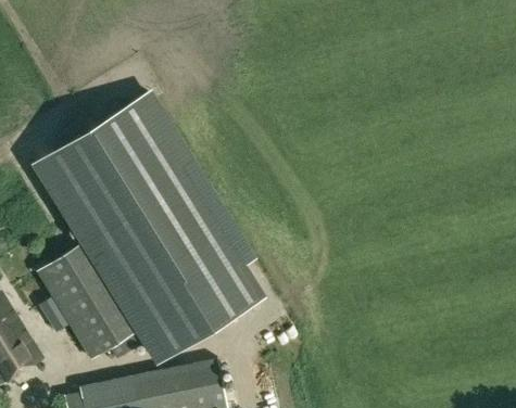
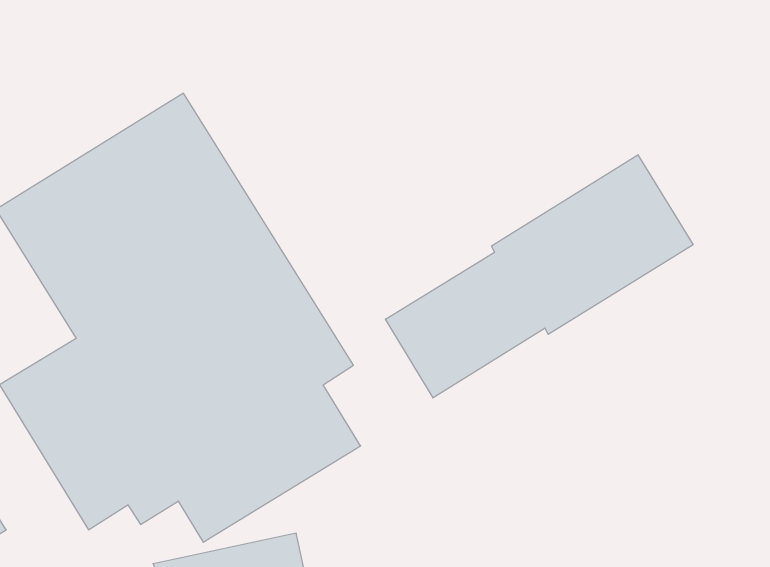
building: none -> [385,155,693,398]

